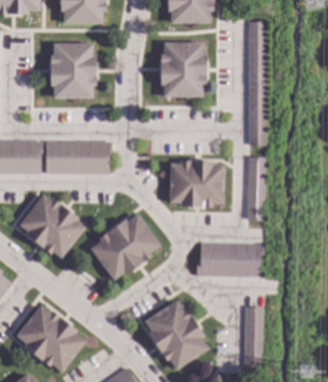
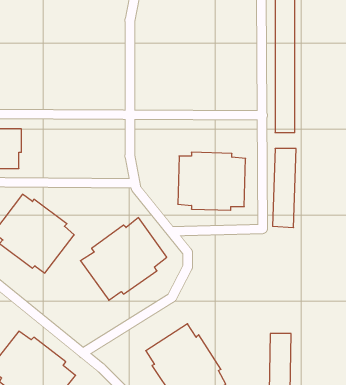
building: [159,41,206,95] -> none
building: [49,42,95,96] -> none
building: [45,140,110,172] -> none
building: [196,243,264,277] -> none

